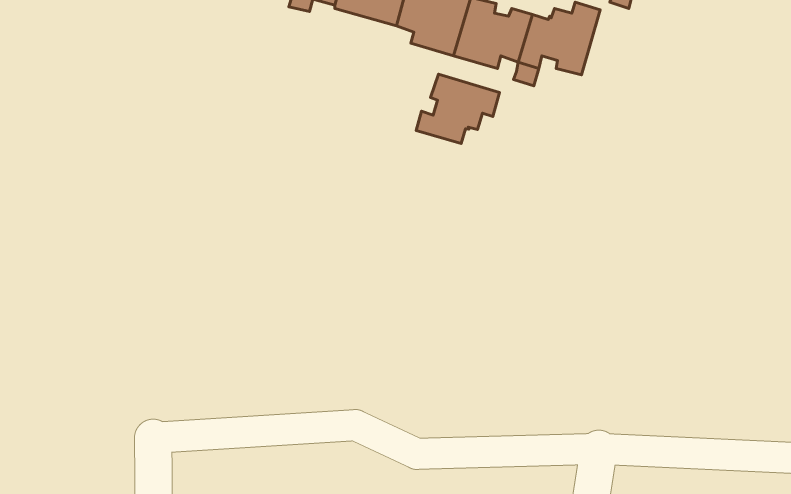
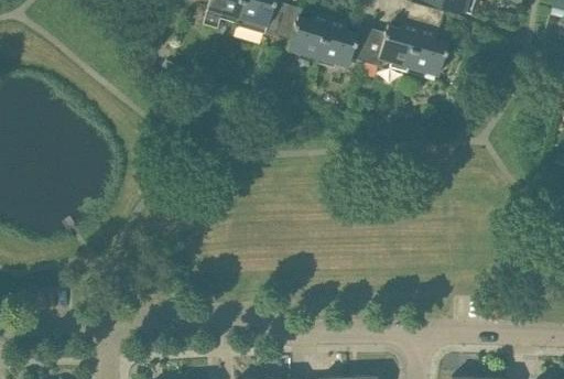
building: none -> [406,26,447,77]
building: [416,74,500,144] -> none

